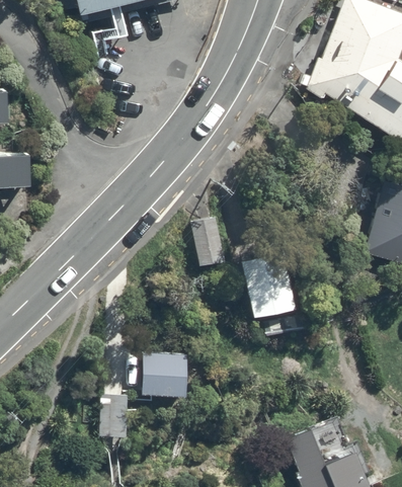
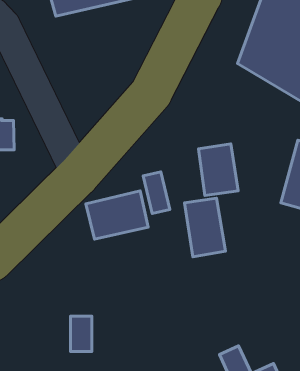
building: none -> [199,144,238,196]
building: none -> [86,191,148,239]
building: [143,352,184,398] -> none

